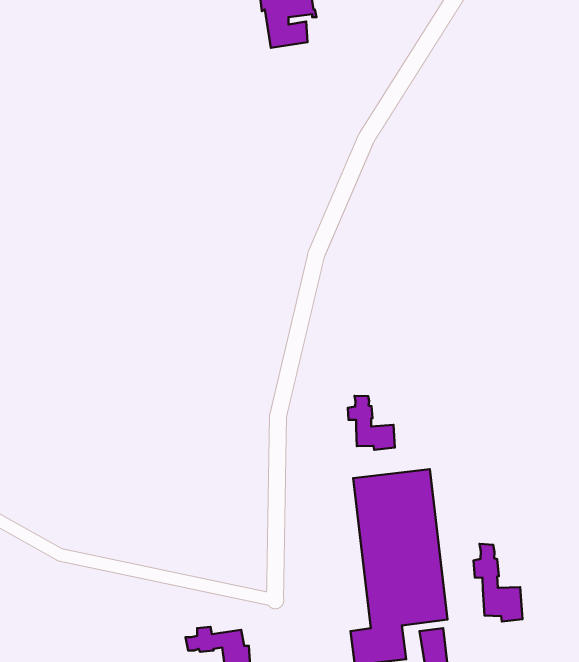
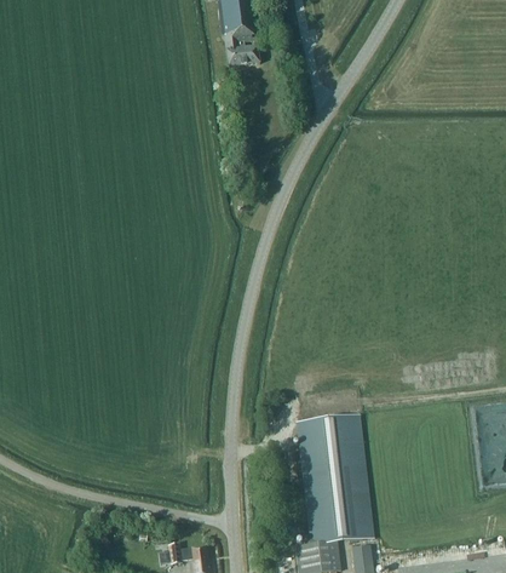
building: [348,396,395,450] -> none
building: [473,544,523,622] -> none

